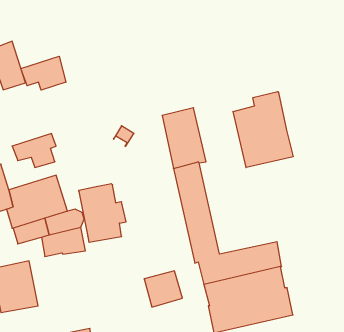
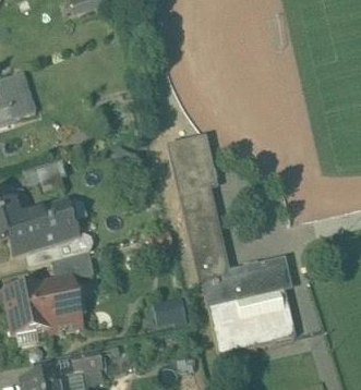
building: [21,56,66,90] -> none
building: [233,92,293,168] -> none
building: [79,184,126,242] -> [39,275,85,331]

